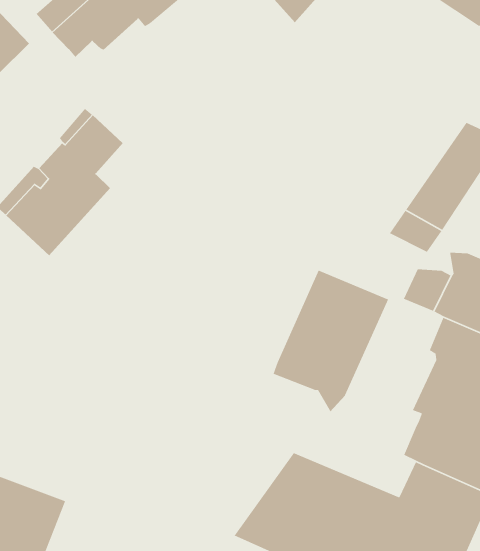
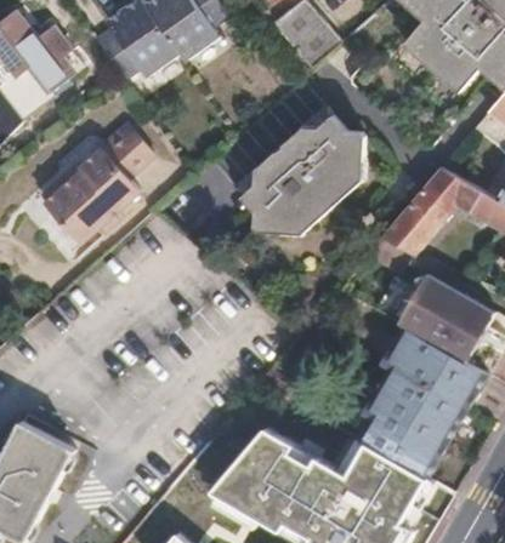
building: none -> [231,103,362,230]
building: [272,269,389,413] -> none

